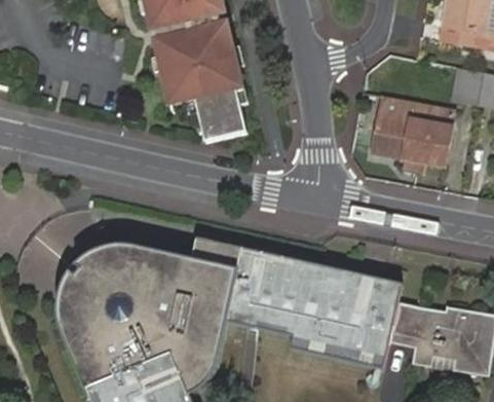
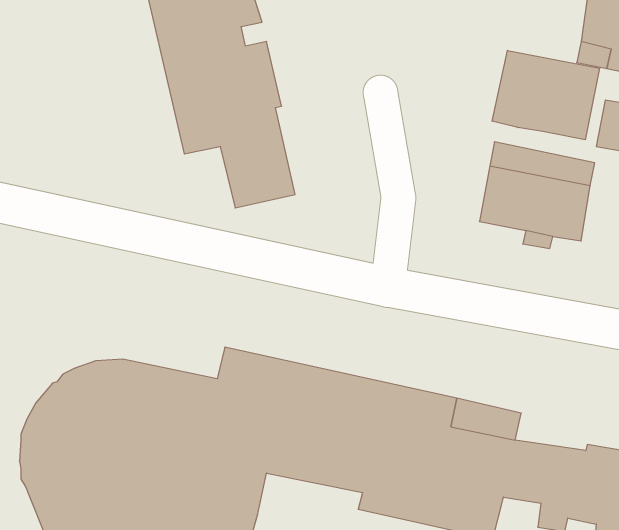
building: none -> [492,50,599,140]

